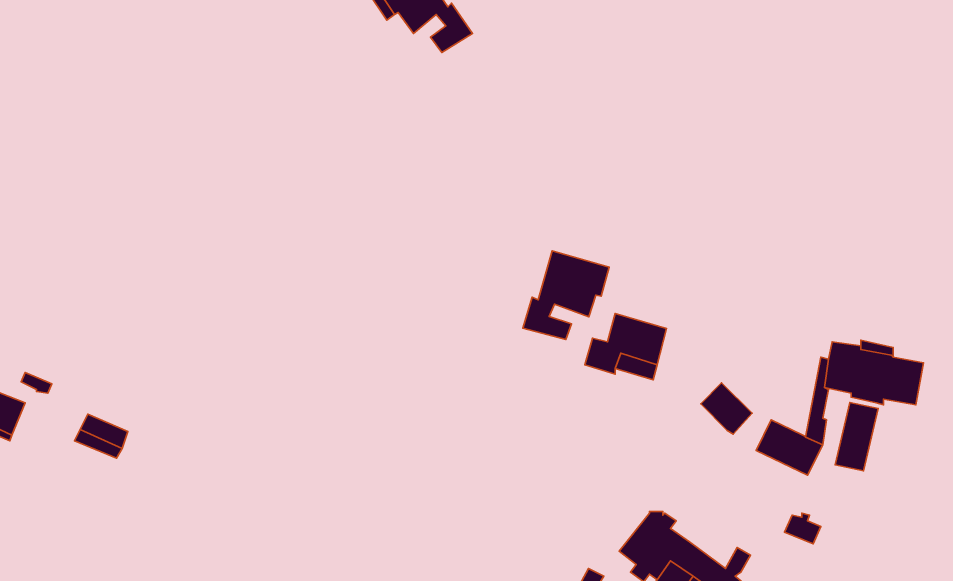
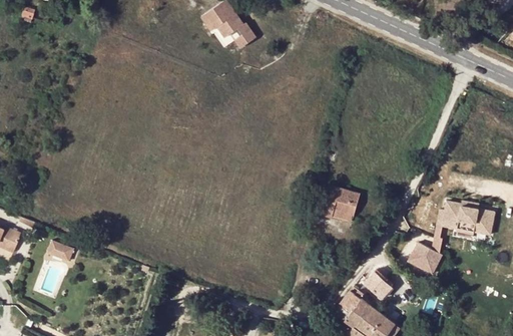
building: [523,251,609,339] -> none
building: [701,383,752,434] -> [364,271,391,298]
building: [835,402,878,471] -> none

